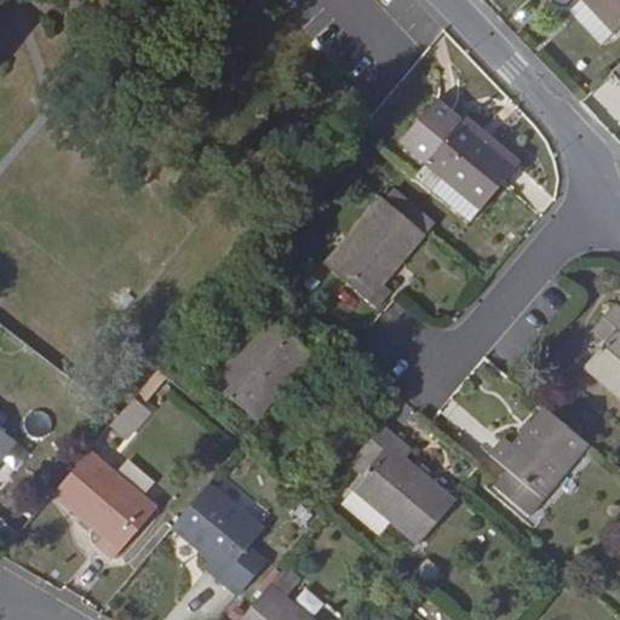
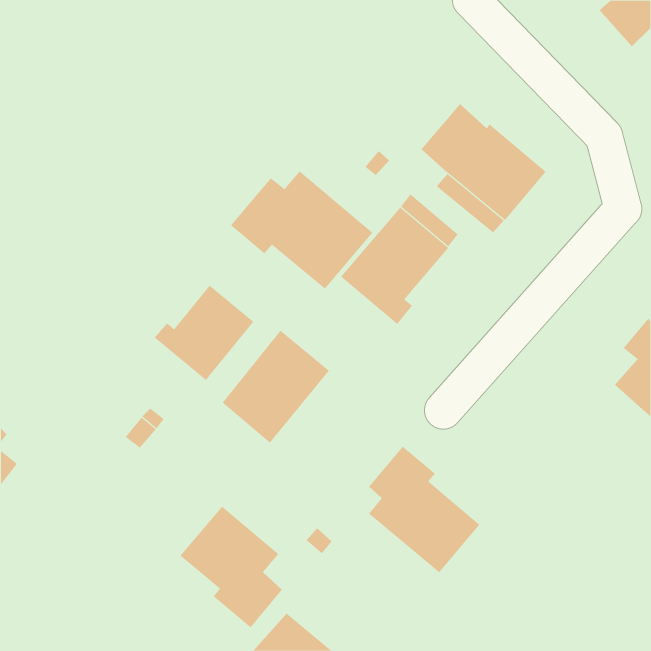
building: none -> [230,170,373,290]
building: none -> [154,284,254,381]
building: [489,406,591,516] -> none
building: [51,448,159,561] -> none

